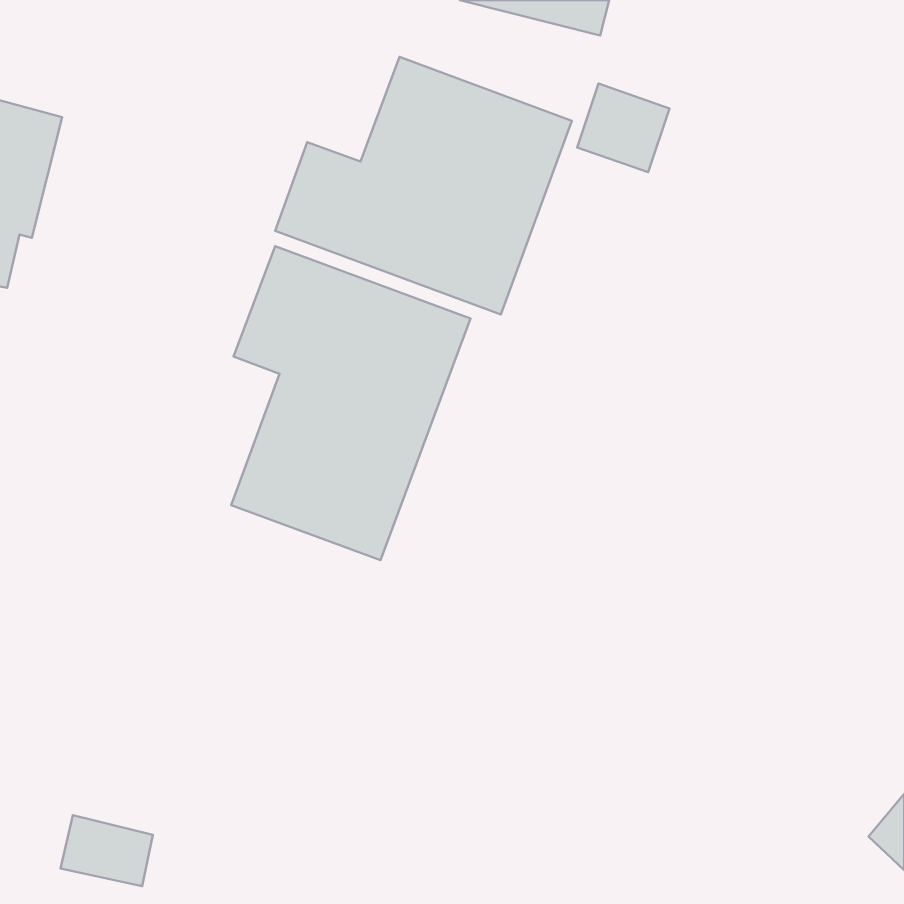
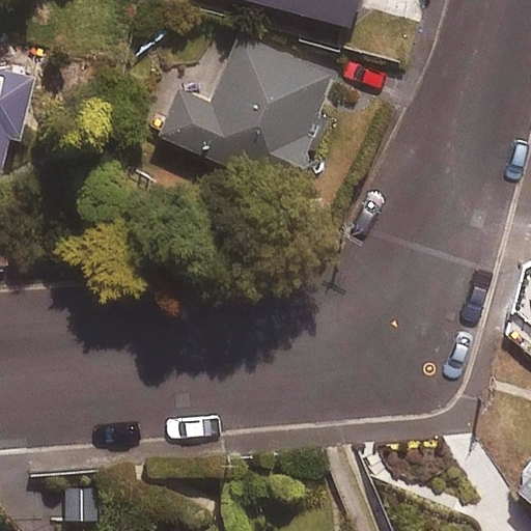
building: [231,246,471,560] -> none

